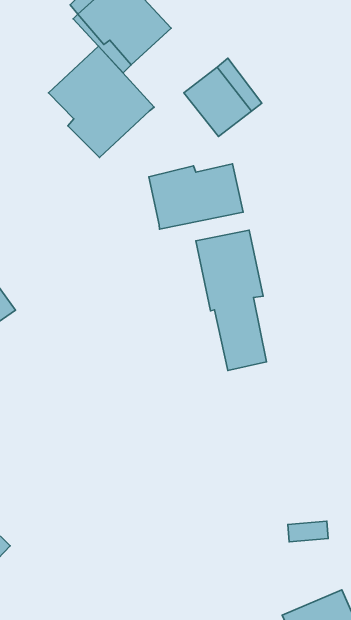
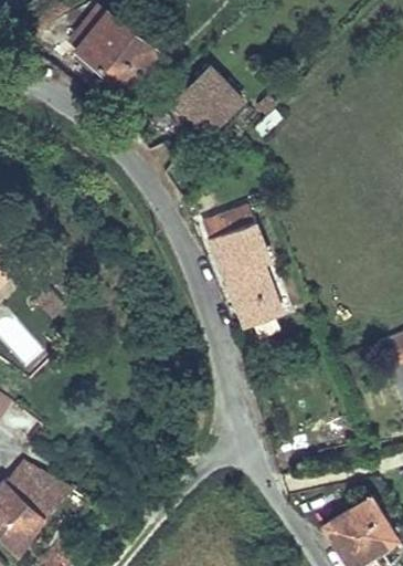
building: [48,46,154,157] -> none
building: [149,164,243,229] -> none

